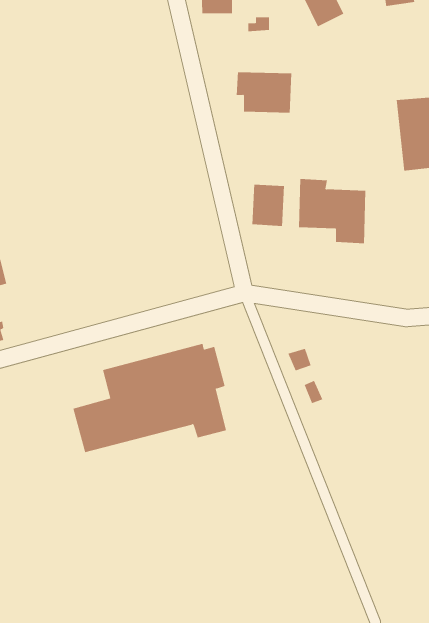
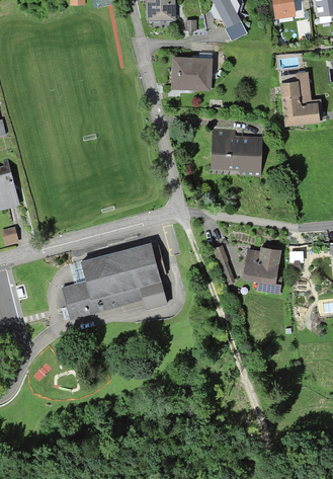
building: [252,184,284,227] -> none
building: none -> [244,248,280,294]

